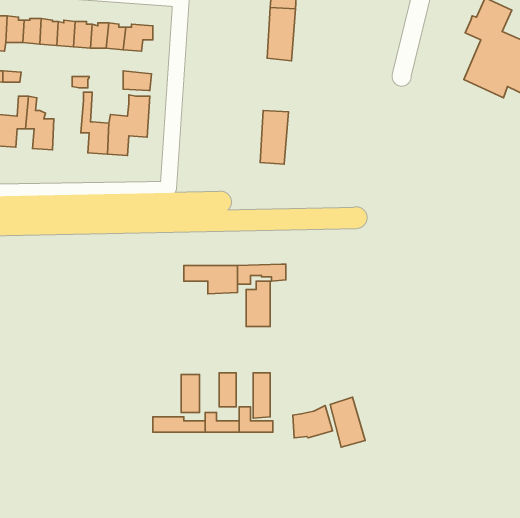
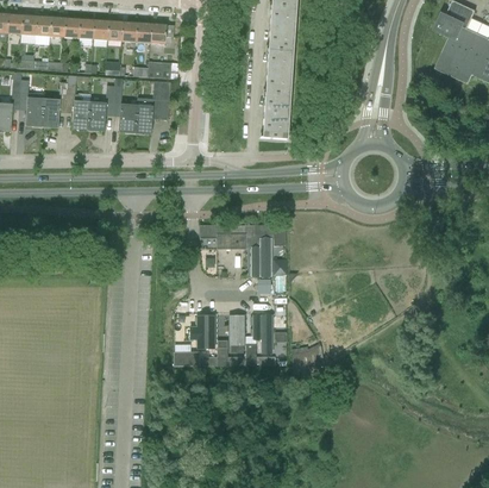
building: none -> [267,50,290,95]
building: none -> [89,86,115,129]
building: [330,397,365,447] -> none

